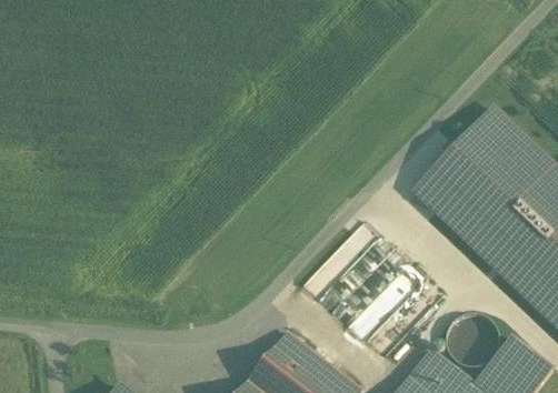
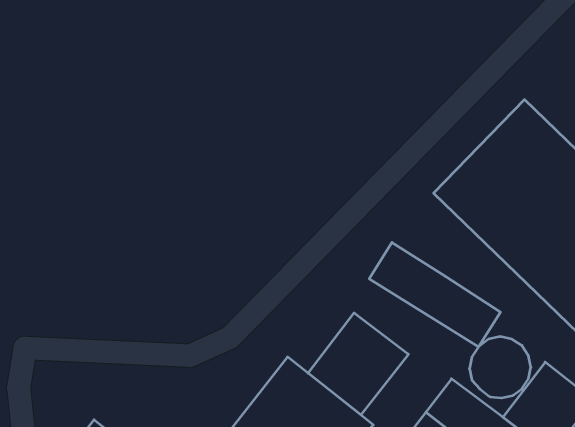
building: none -> [369,242,500,347]
building: none -> [308,313,408,415]

